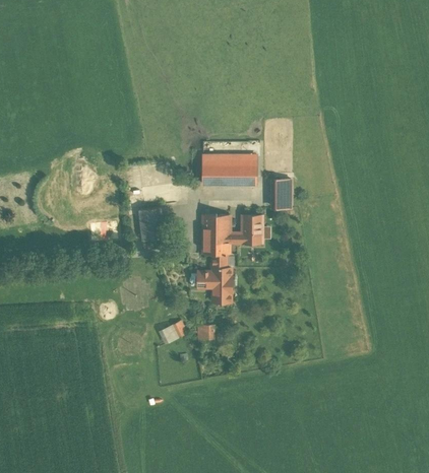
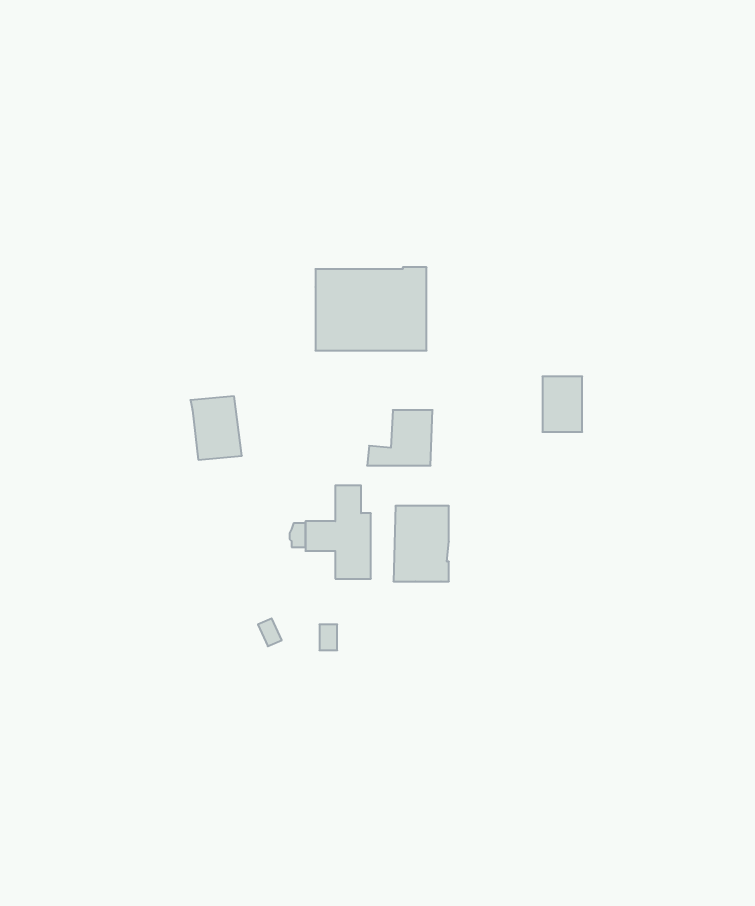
building: [269,182,290,210] -> [542,376,582,432]
building: [201,216,230,255] -> [393,506,449,581]

